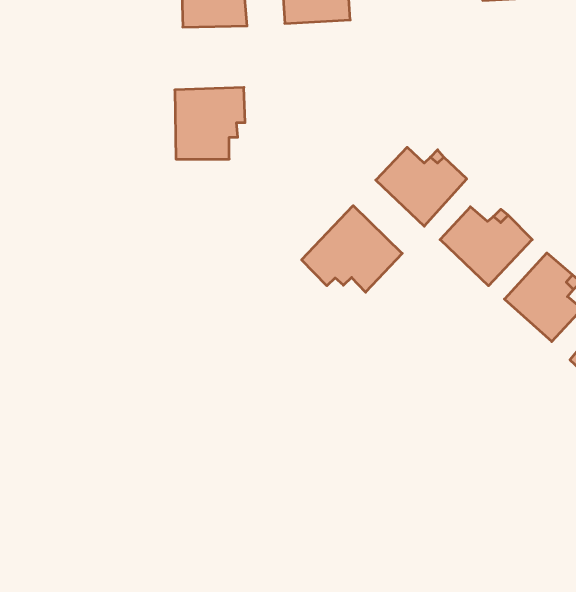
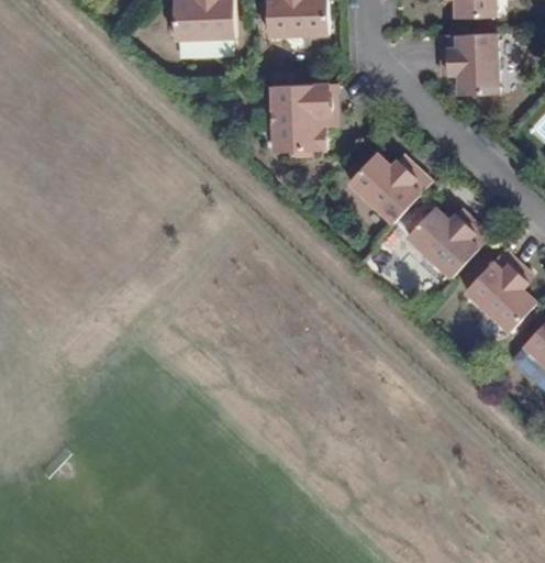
building: none -> [436,34,496,95]
building: [175,87,245,159] -> [270,87,334,152]
building: [302,206,402,292] -> none

